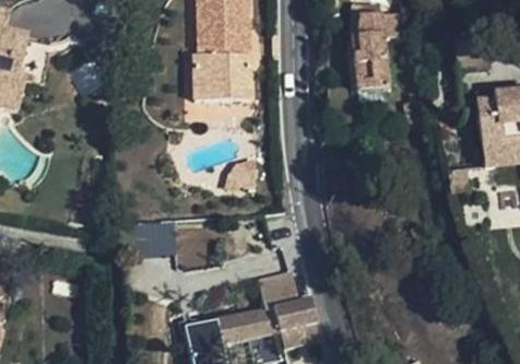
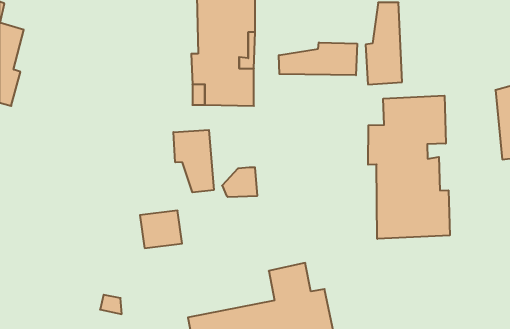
building: none -> [279,42,357,75]
building: none -> [368,96,450,239]
building: none -> [173,130,214,192]

